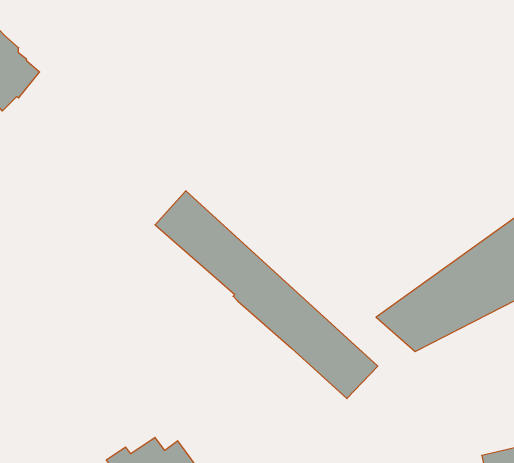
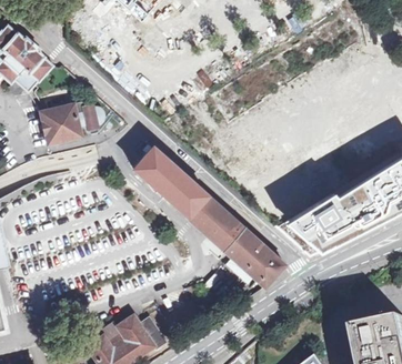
building: none -> [40,101,104,144]

